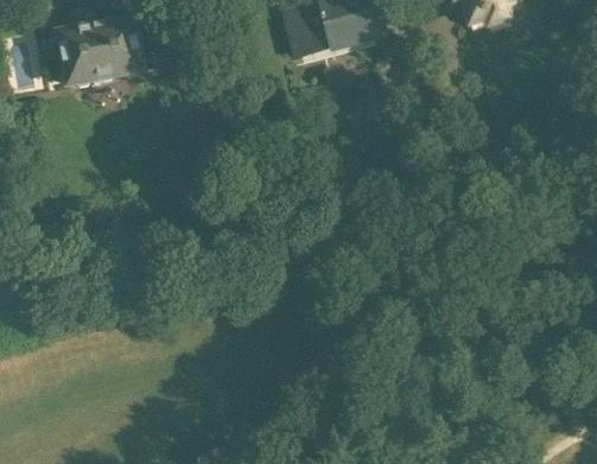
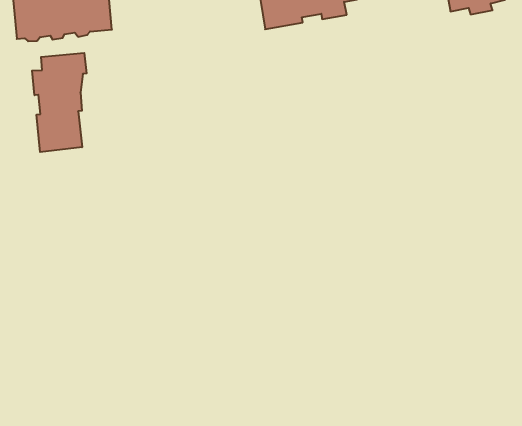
building: none -> [32,53,87,152]

